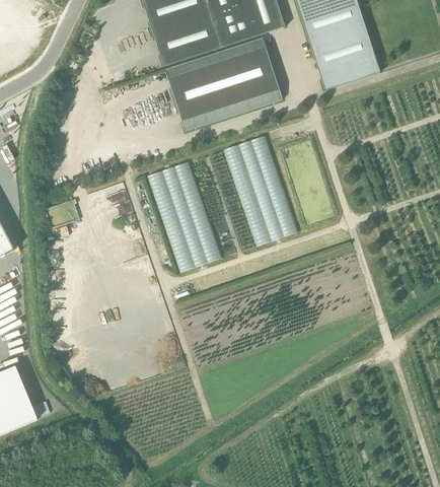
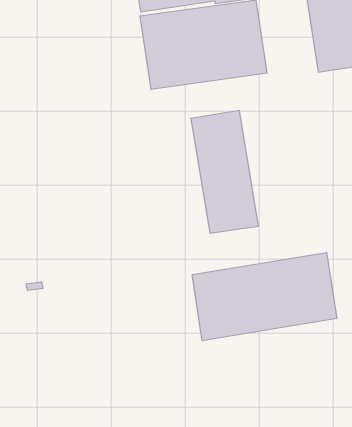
building: [146,159,220,270] -> none
building: none -> [192,252,337,341]

